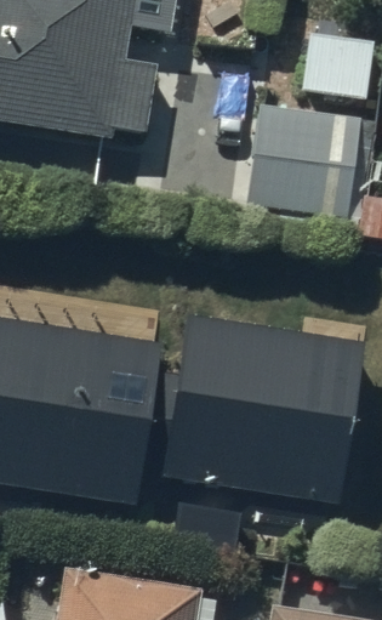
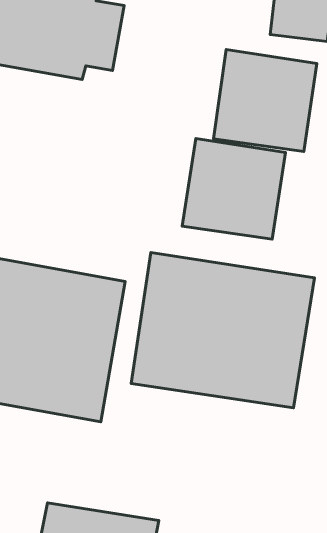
building: none -> [182,138,286,239]

